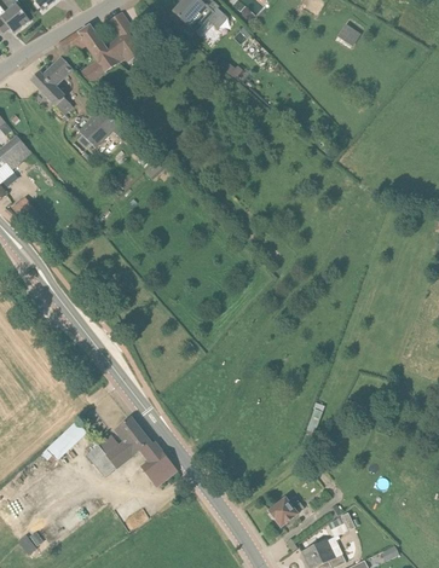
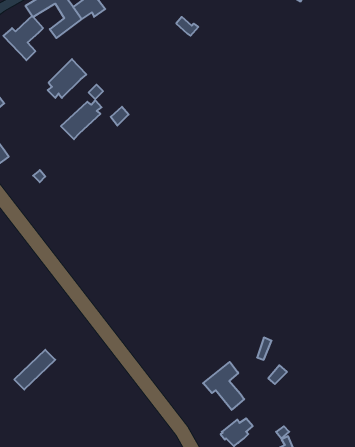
building: none -> [61,100,102,139]
building: [87,418,177,487] -> none
building: none -> [203,362,244,410]

